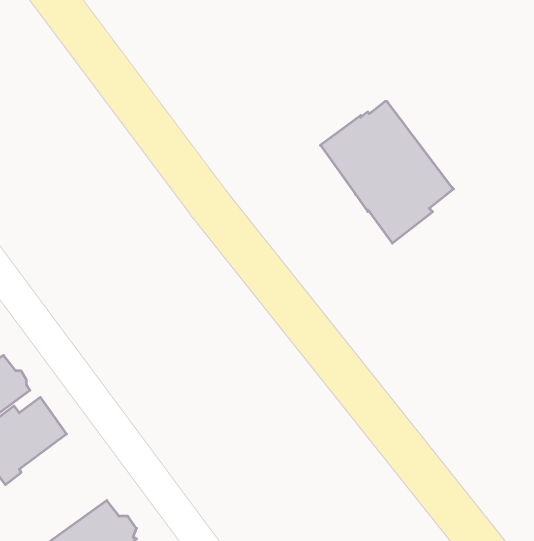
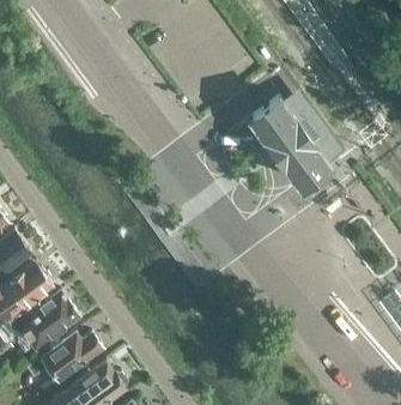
building: none -> [40,332,102,380]

